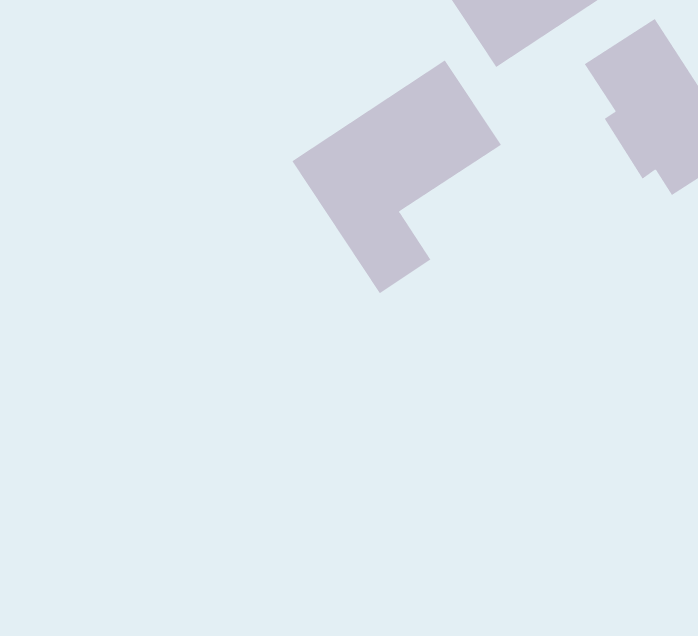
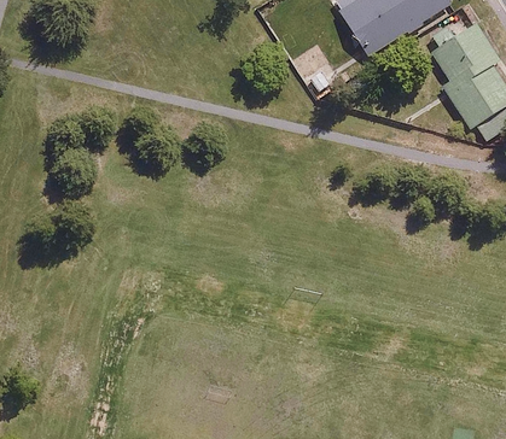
building: [291,59,502,294] -> none

